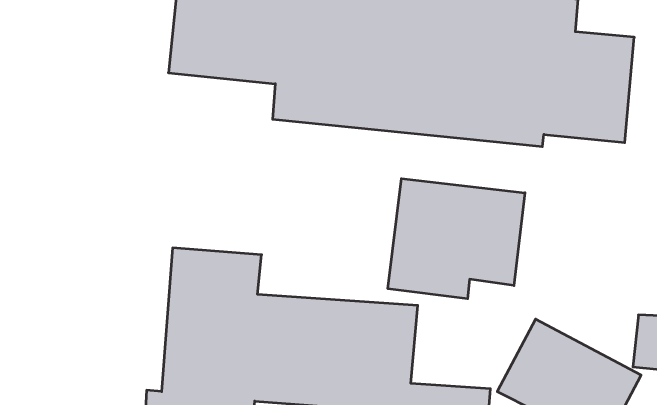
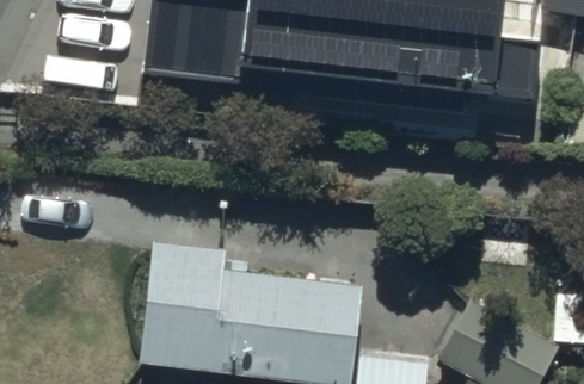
building: [388,179,525,299] -> none

